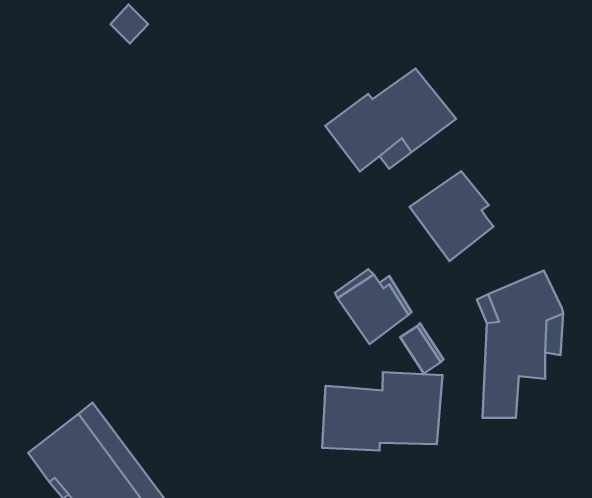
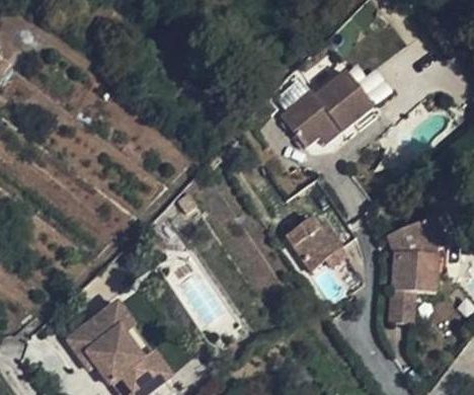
building: [409,171,494,261] -> none
building: [322,372,442,450] -> none

